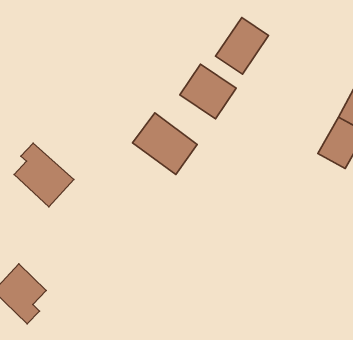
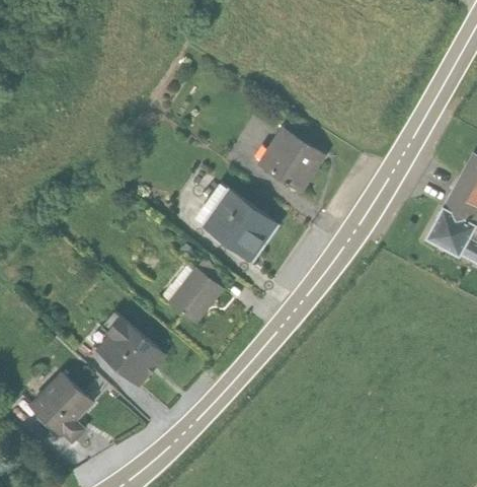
building: [216,17,269,74] -> none
building: [14,143,74,207] -> [92,312,165,391]
building: none -> [168,268,224,325]

